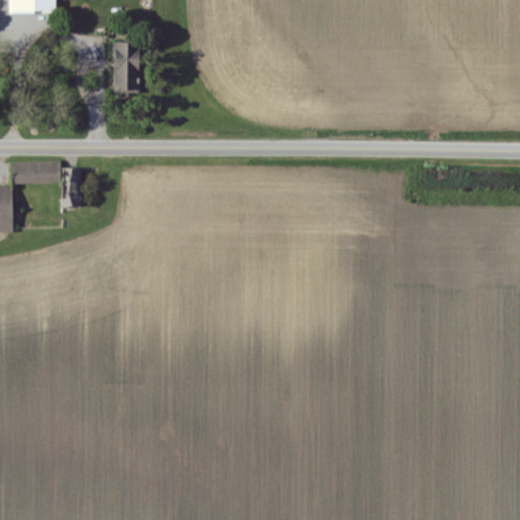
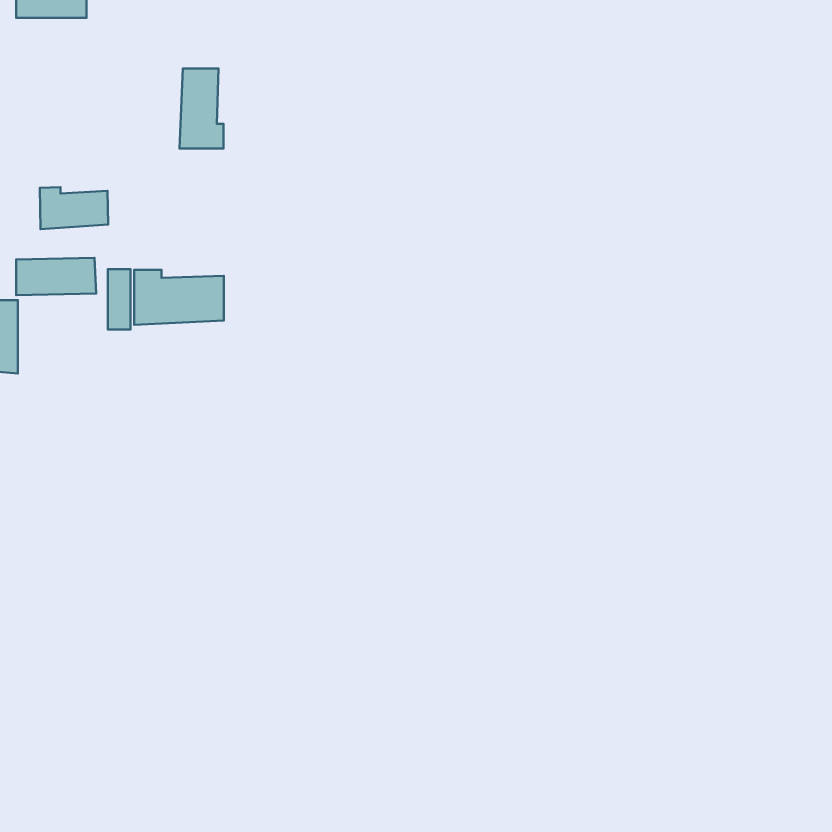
building: none -> [40,187,108,229]
building: none -> [134,270,224,325]

